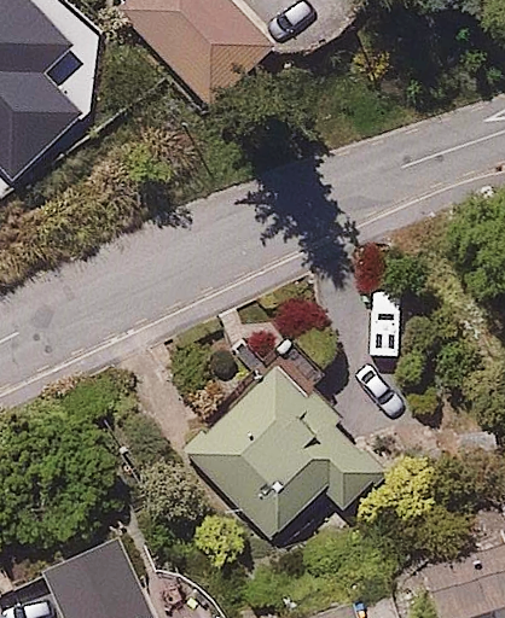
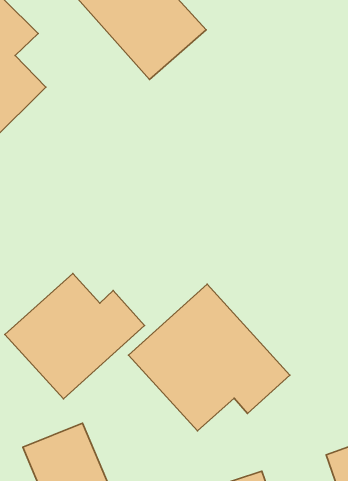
building: none -> [5,273,145,399]

